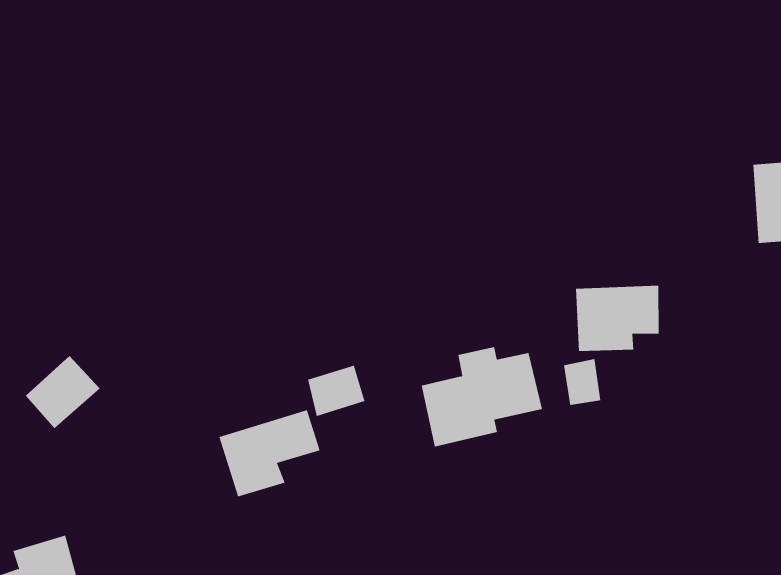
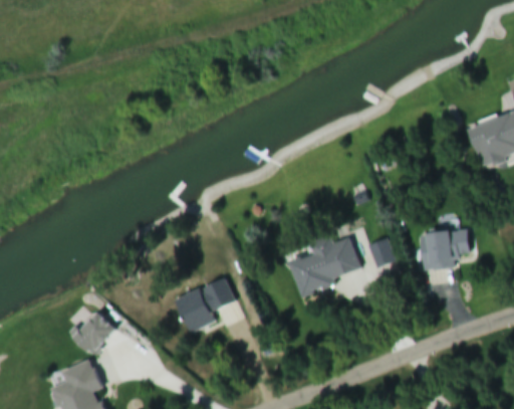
building: [575,285,659,351] -> [420,228,470,269]
building: [25,355,100,429] -> [72,312,115,355]
building: [307,365,365,417] -> none

